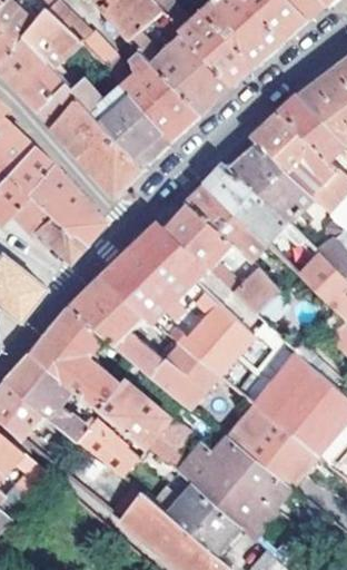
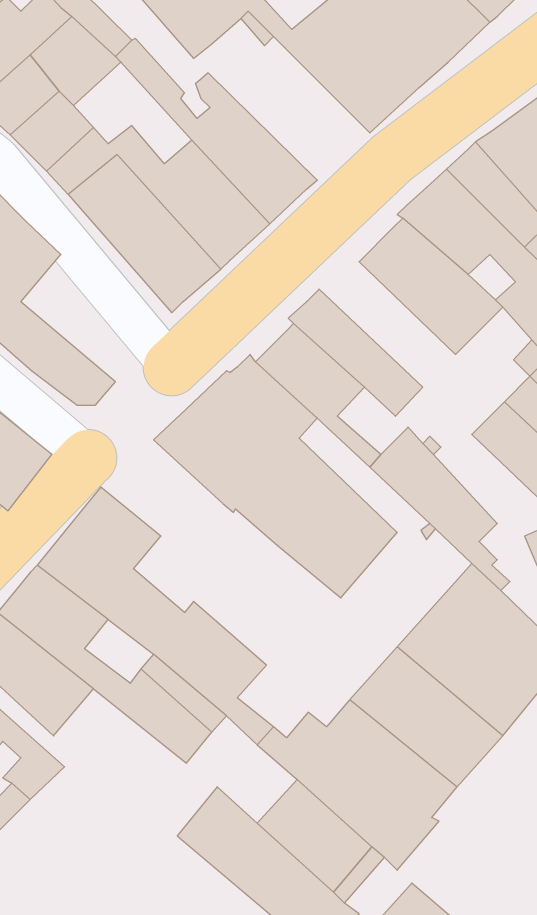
building: [127,32,235,116] -> none
building: [21,161,97,239] -> none
building: [204,163,308,247] -> none
building: [70,275,217,405] -> none

